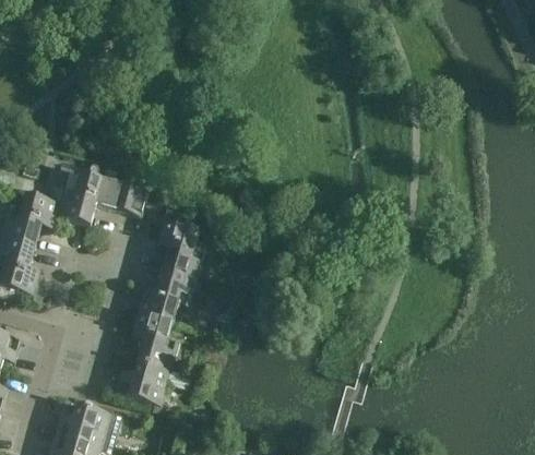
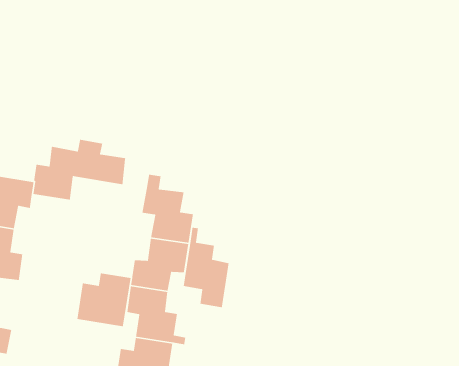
building: none -> [183,227,230,308]
building: none -> [77,272,131,327]

